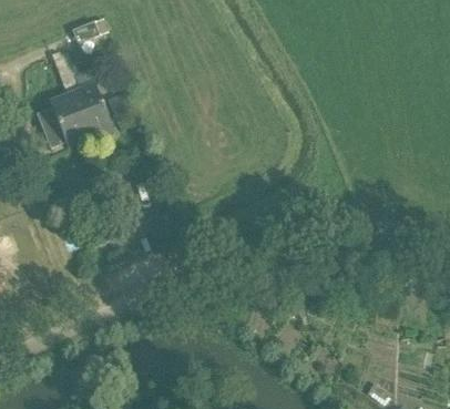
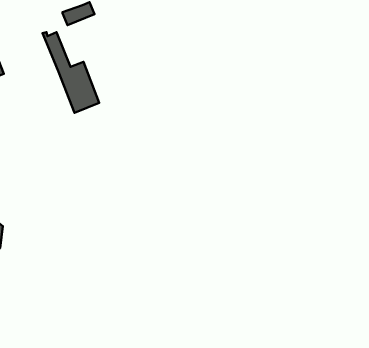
building: [37,94,85,147] -> none

